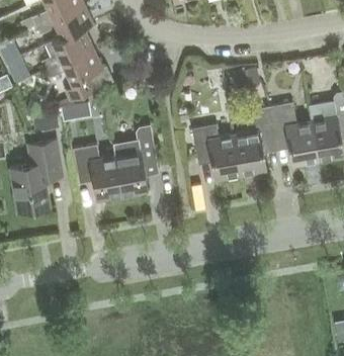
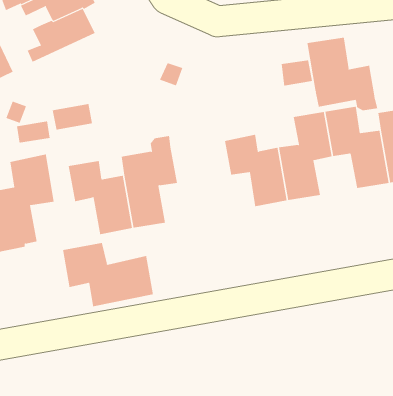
building: [46,48,103,101] -> none
building: none -> [307,37,378,111]
building: none -> [63,242,153,307]

